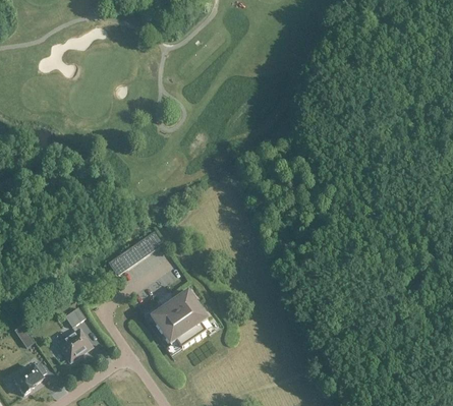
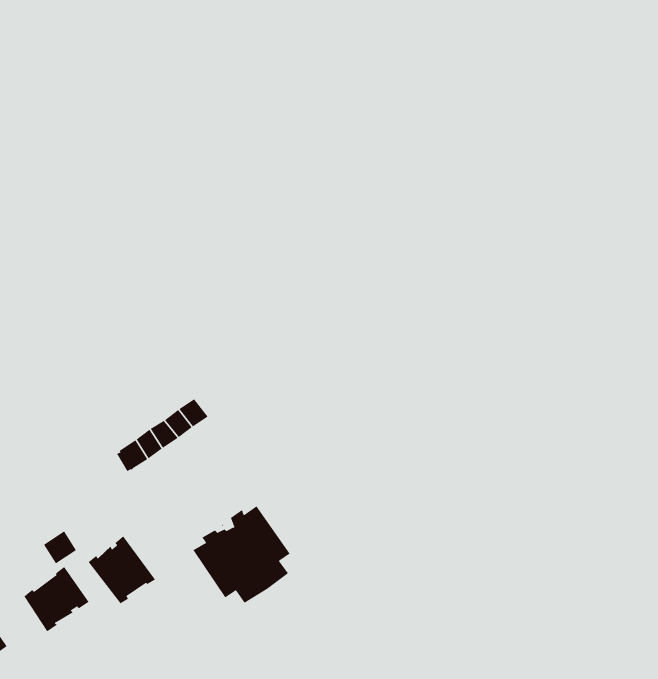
building: none -> [88,536,156,604]

